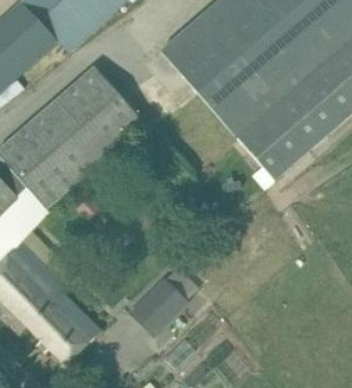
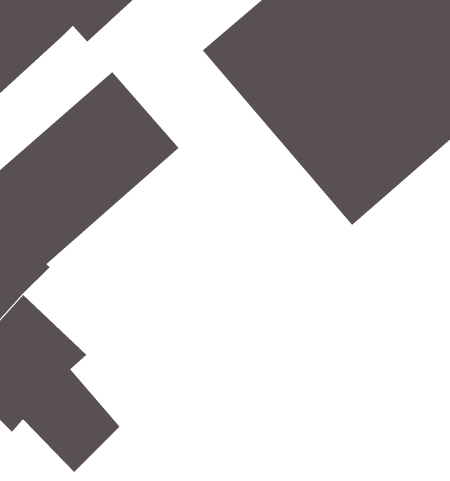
building: [132,278,187,335] -> none

